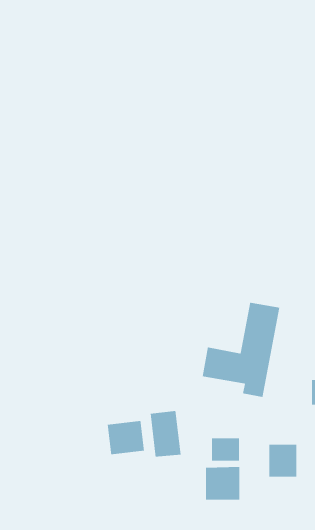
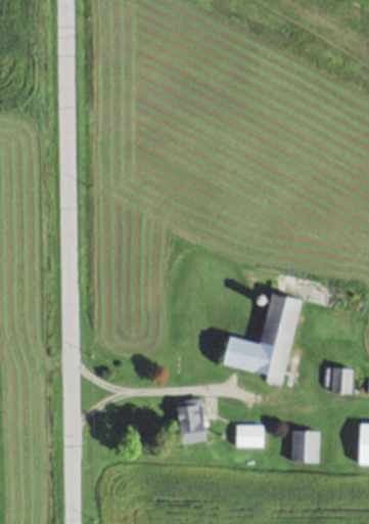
building: [107,420,144,455] -> none
building: [205,466,240,501] -> none

